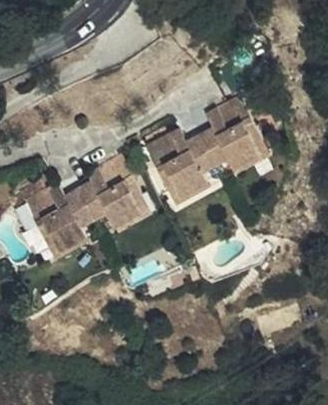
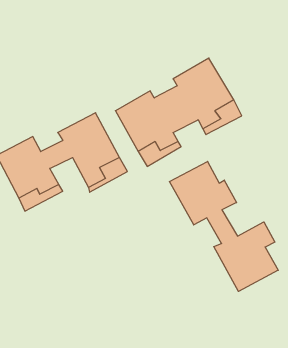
building: none -> [169,161,278,291]

